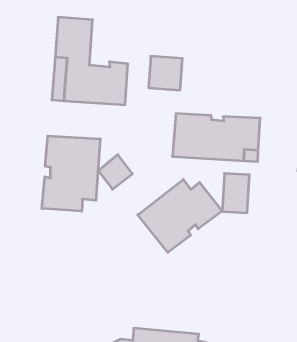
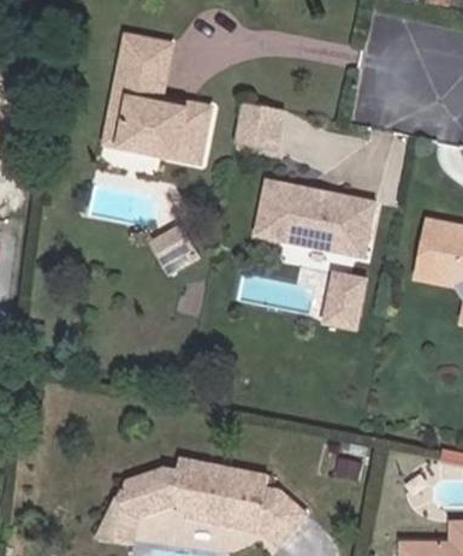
building: [42,136,100,211] -> none
building: [138,179,222,252] -> none

